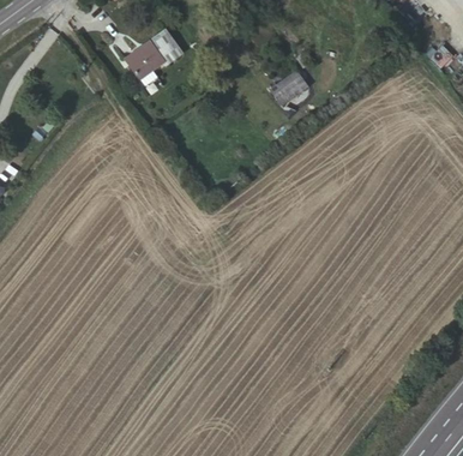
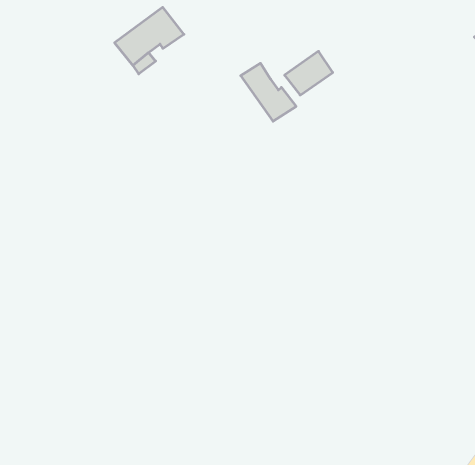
building: none -> [241,63,296,121]

